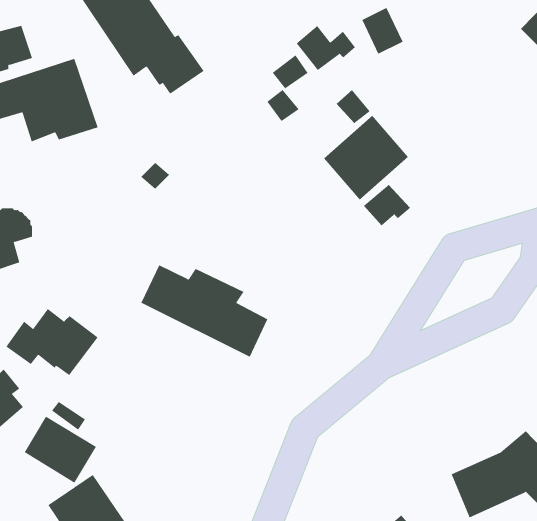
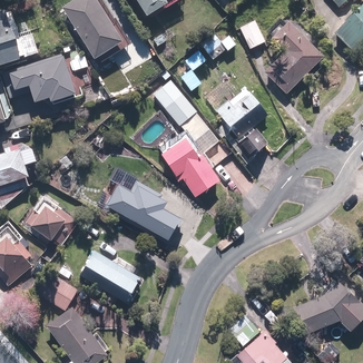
building: none -> [265,22,324,94]
building: none -> [151,80,219,198]
building: none -> [77,249,140,305]

